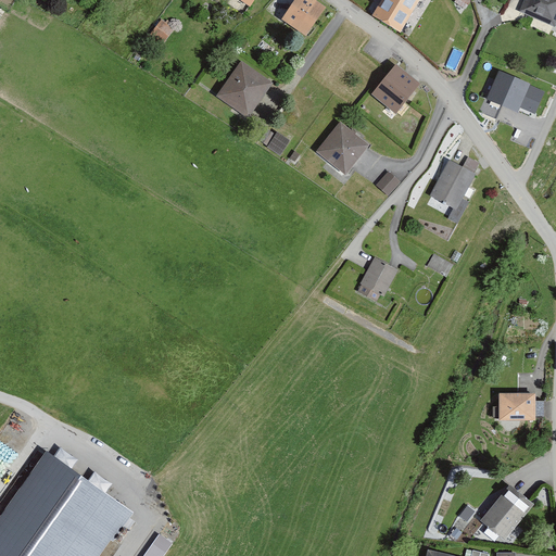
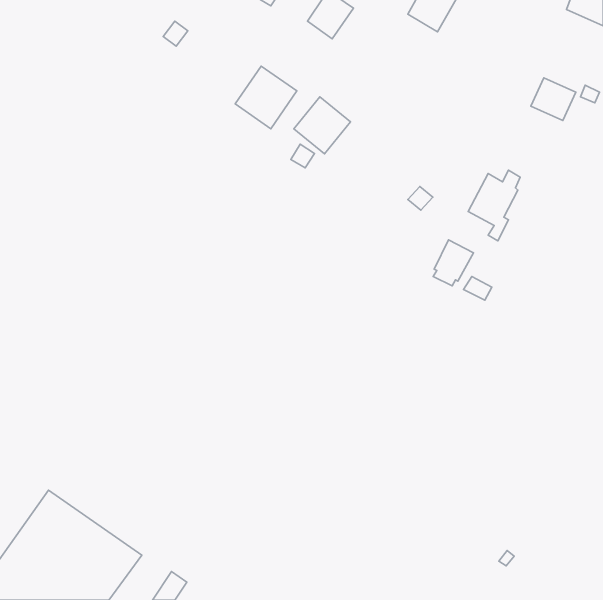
building: [371,65,420,115] -> none
building: [317,123,369,175] -> [294,97,351,154]
building: [361,256,397,299] -> [433,240,473,286]
building: [498,392,534,420] -> none
building: [480,485,532,540] -> none

